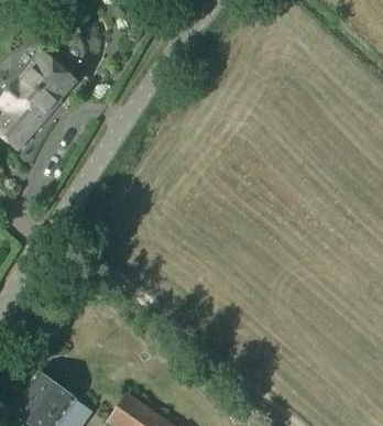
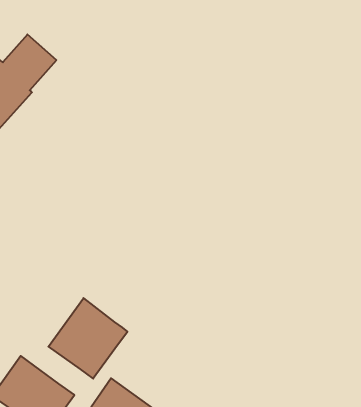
building: none -> [48,298,127,379]

